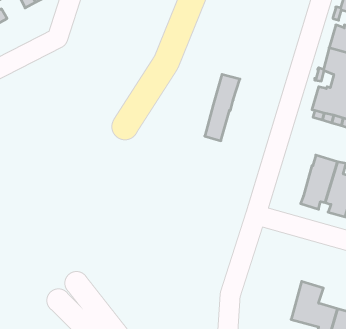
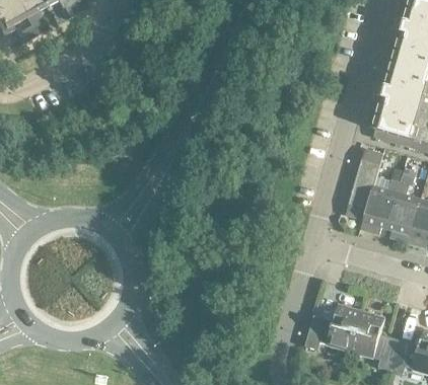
building: [205,74,240,141] -> [345,148,382,219]
building: none -> [303,304,360,351]

